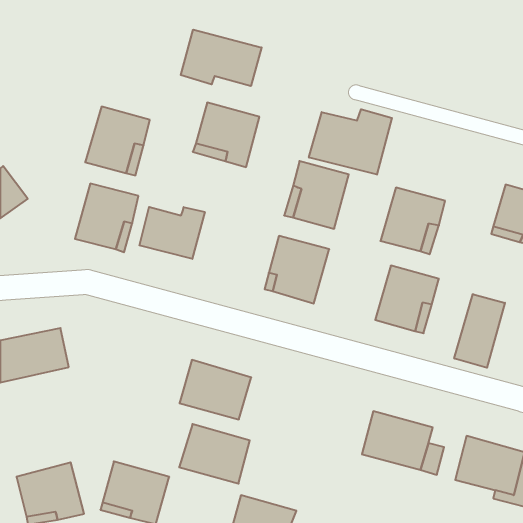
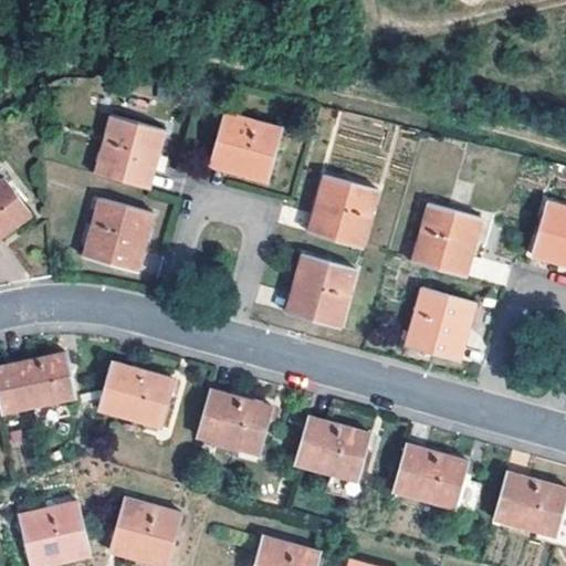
building: [181,30,262,86] -> none
building: [309,109,392,175] -> none
building: [139,207,205,259] -> none
building: [454,294,505,368] -> none
building: none -> [98,363,175,427]
building: [179,424,250,484] -> [293,417,369,481]

